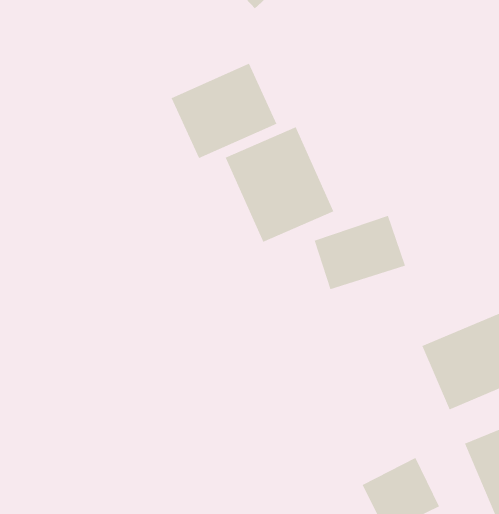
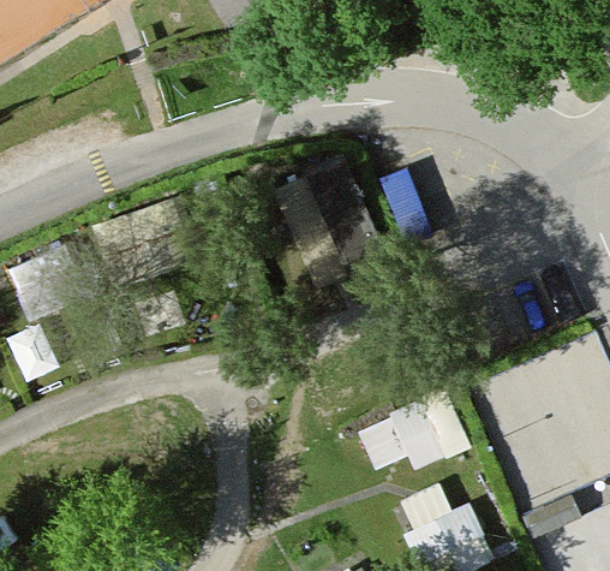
building: [171,63,277,159] -> none
building: [314,215,406,290] -> [370,393,466,471]

